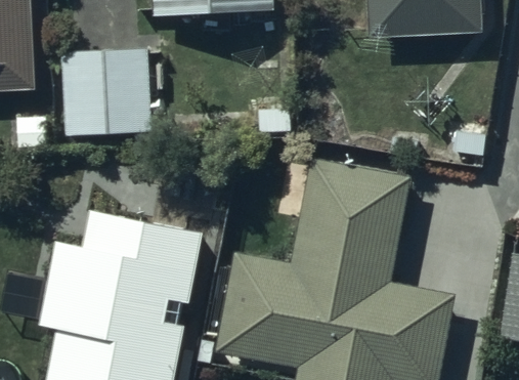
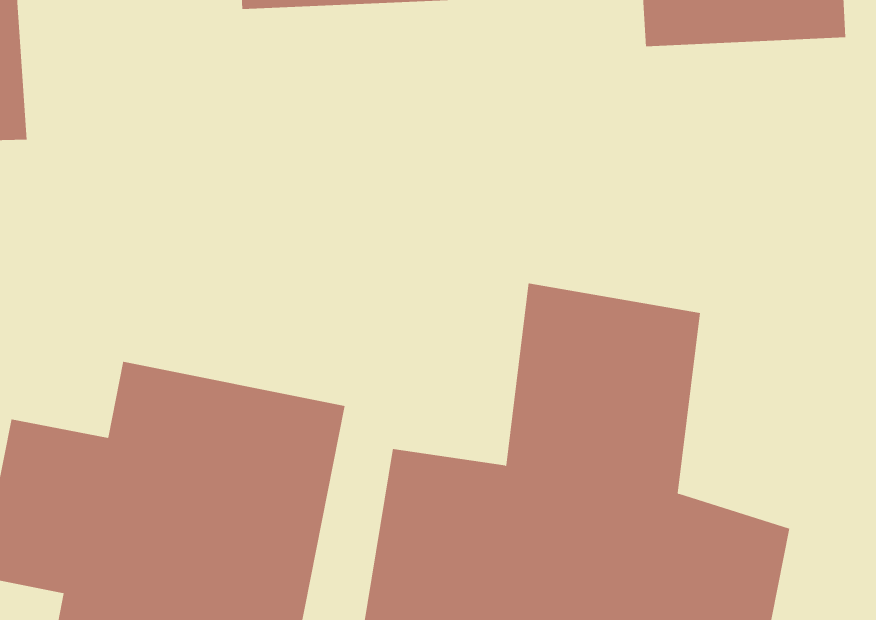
building: [61,44,156,135] -> none

